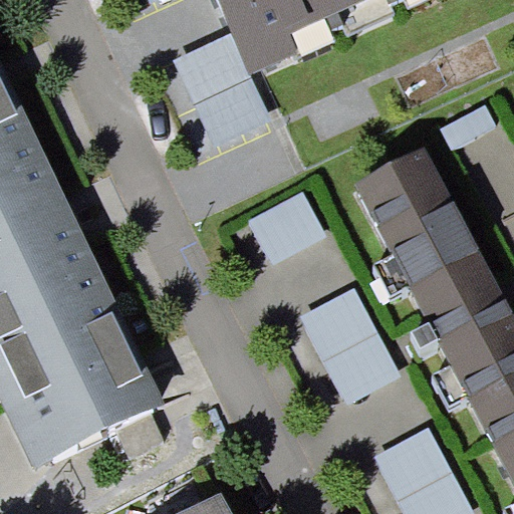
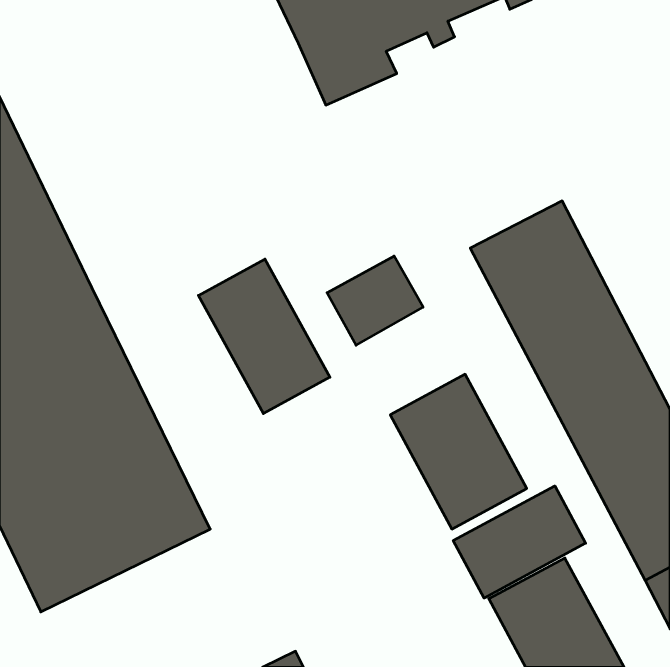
building: [174,33,269,146] -> none
building: none -> [198,259,330,414]
building: none -> [453,486,586,598]

